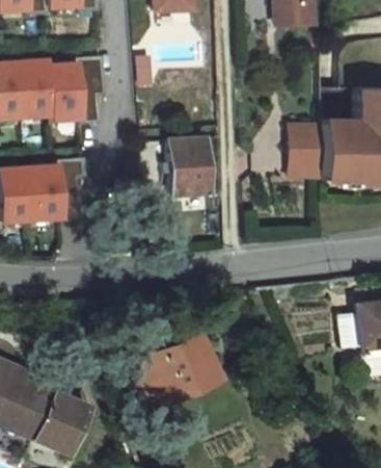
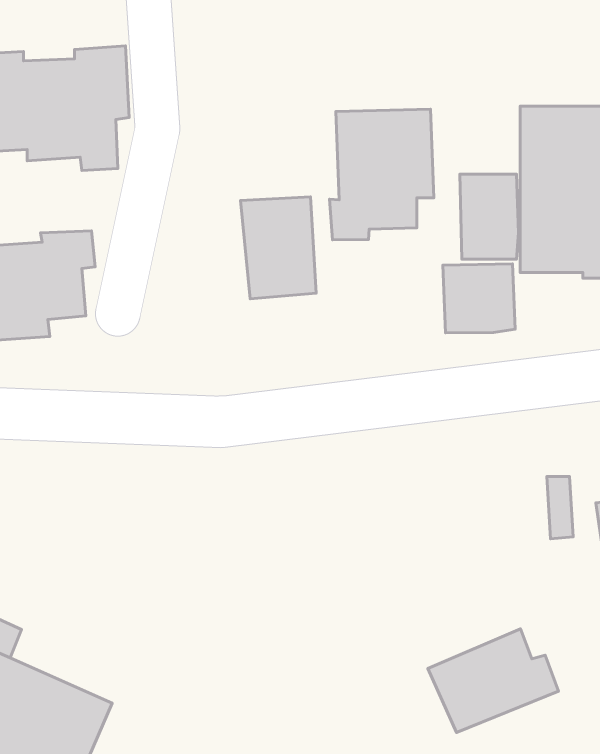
building: none -> [329,109,434,240]
building: none -> [443,264,515,333]
building: [157,346,228,404] -> [428,629,558,733]

